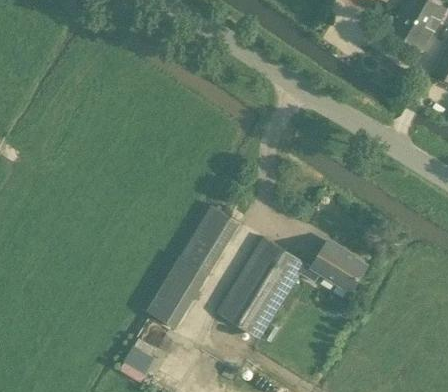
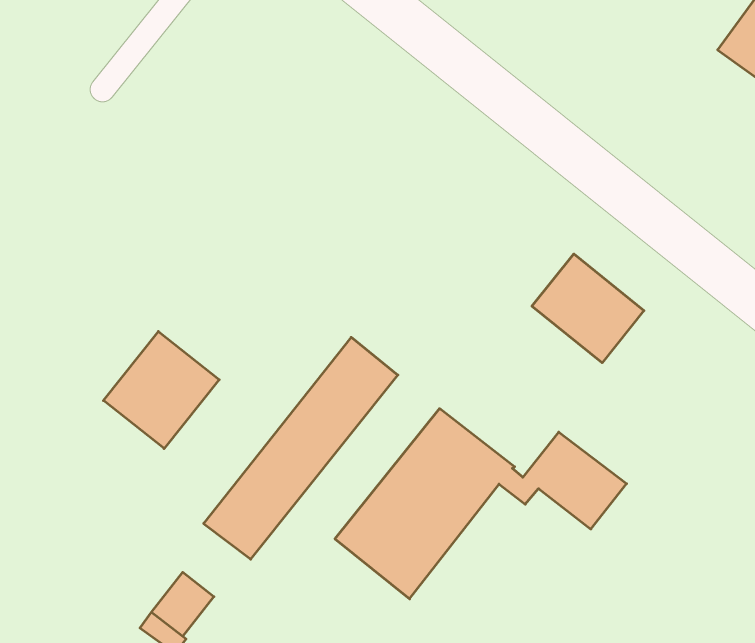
building: none -> [532,254,644,363]
building: none -> [103,331,219,449]

